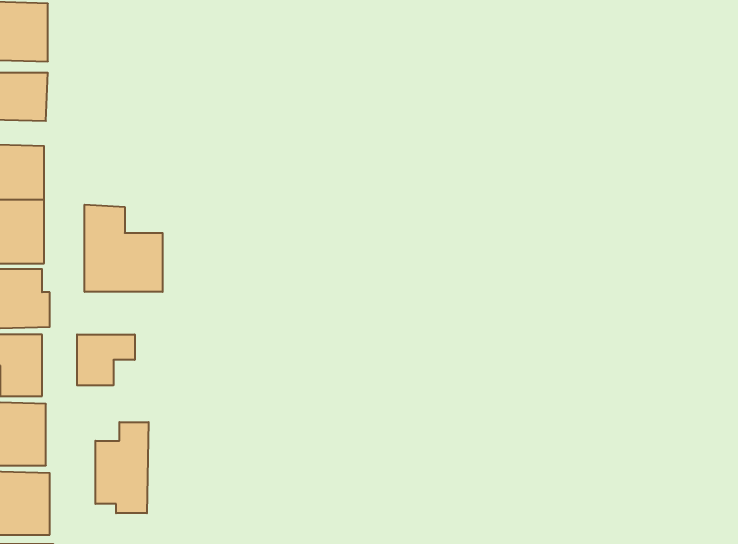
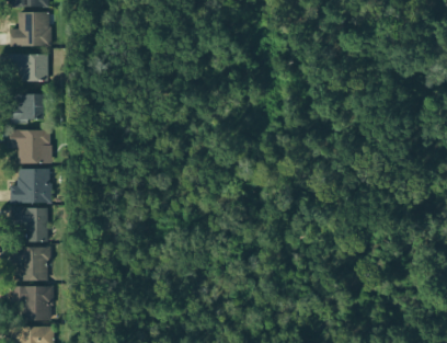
building: [85,205,163,292] -> none
building: [77,334,135,385] -> none
building: [95,422,149,513] -> none

